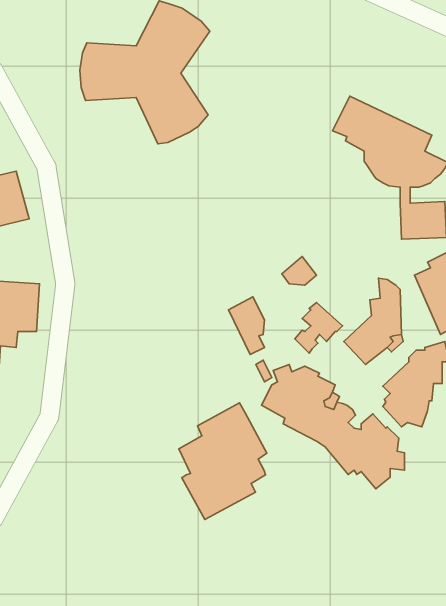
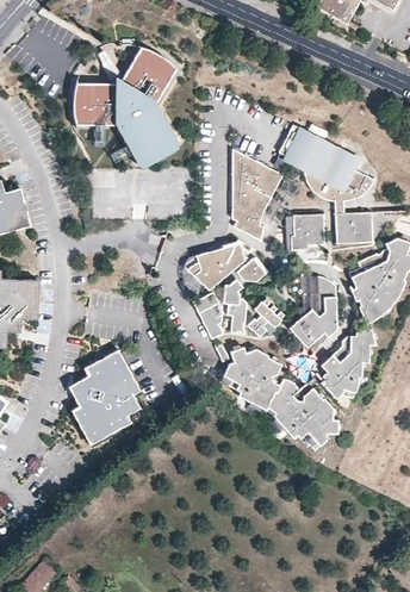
building: none -> [234,151,282,242]
building: none -> [292,214,325,250]
building: none -> [188,248,246,291]
building: none -> [224,280,248,335]
building: [179,403,267,520] -> [69,349,142,445]

